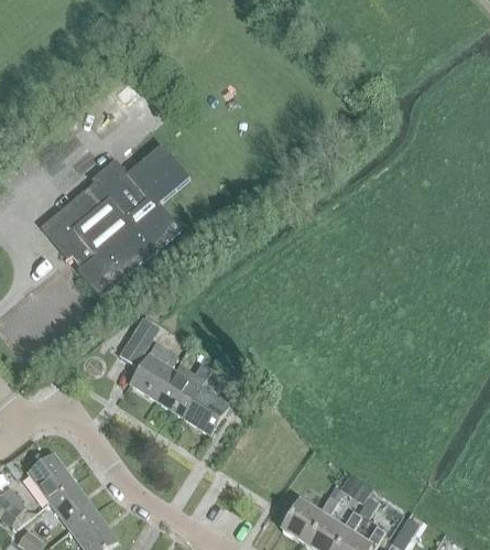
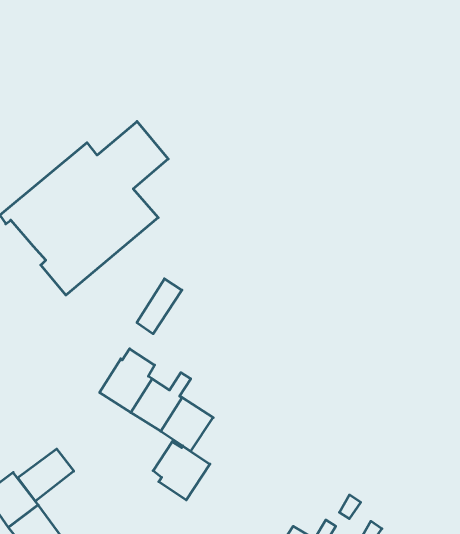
building: [119,317,159,366] -> [137,279,182,334]
building: none -> [153,442,210,500]
building: none -> [18,449,74,501]

